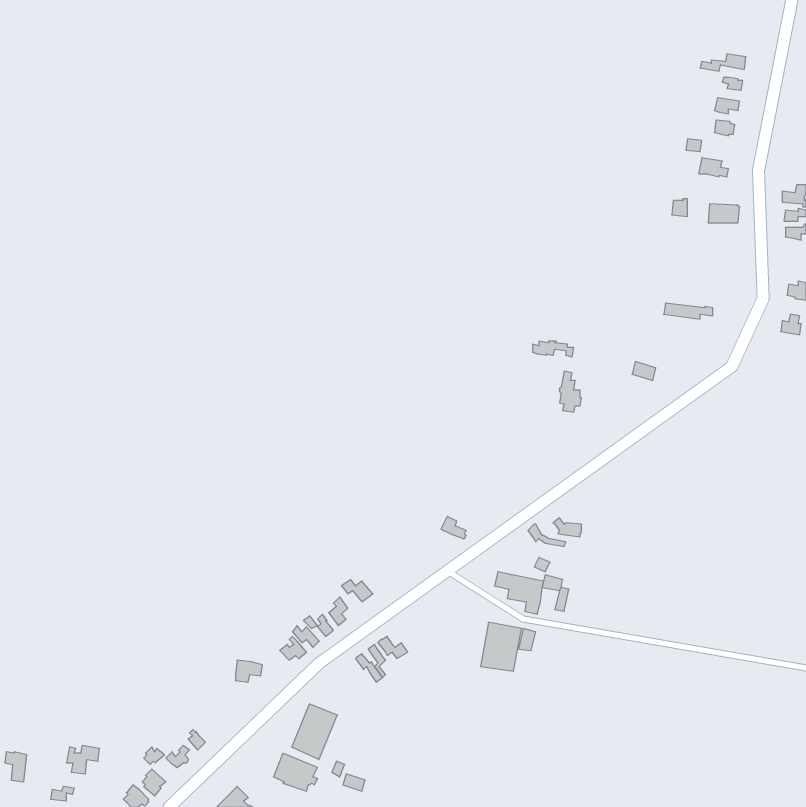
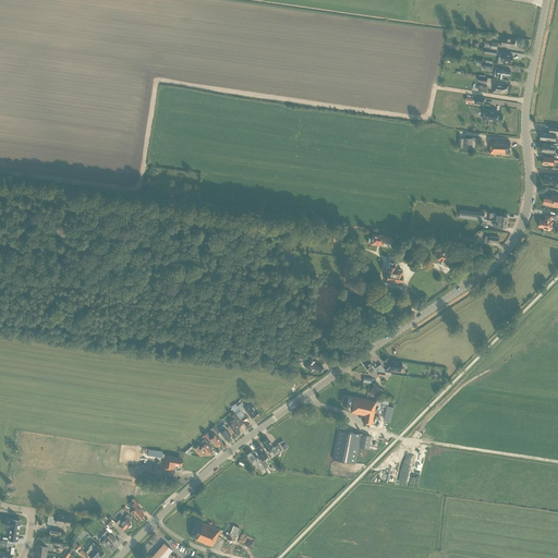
building: [292,704,337,760] -> none

